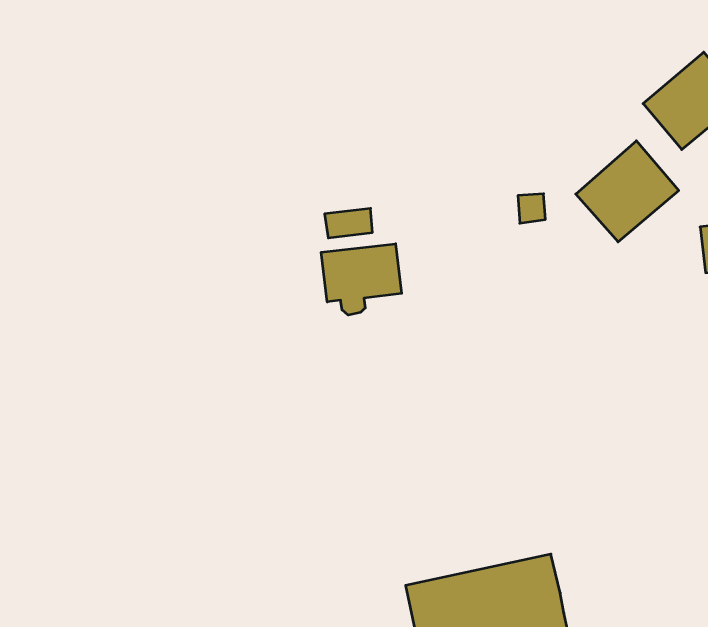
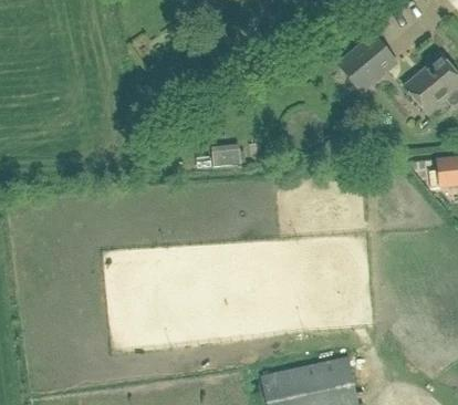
building: [576,141,679,242] -> [337,32,399,93]
building: [321,244,402,315] -> none

